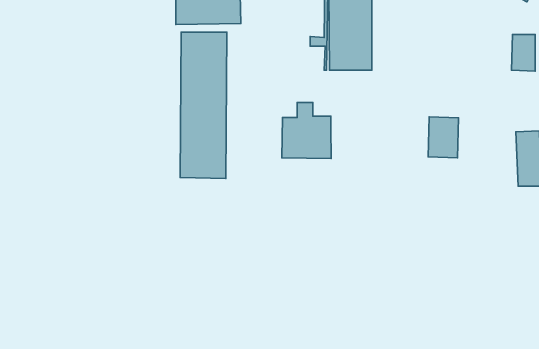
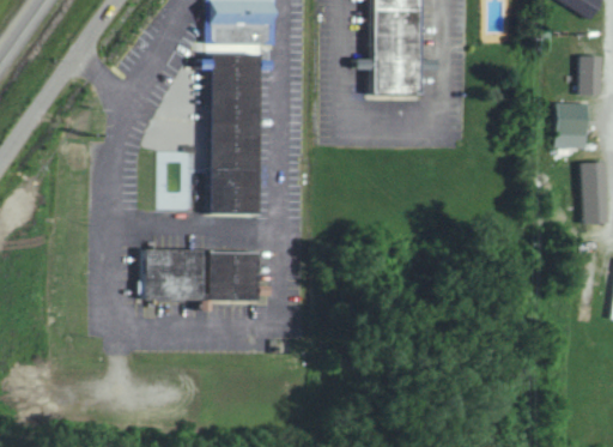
building: [282,102,331,158] -> none
building: [428,117,459,158] -> [554,102,588,147]
building: none -> [144,248,260,302]

